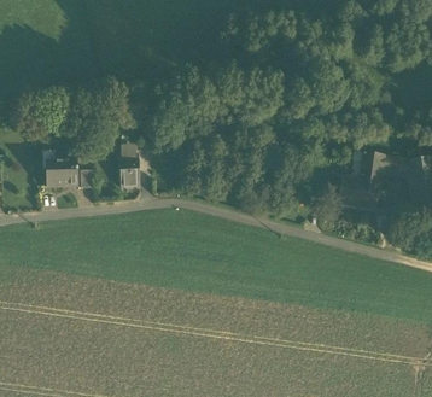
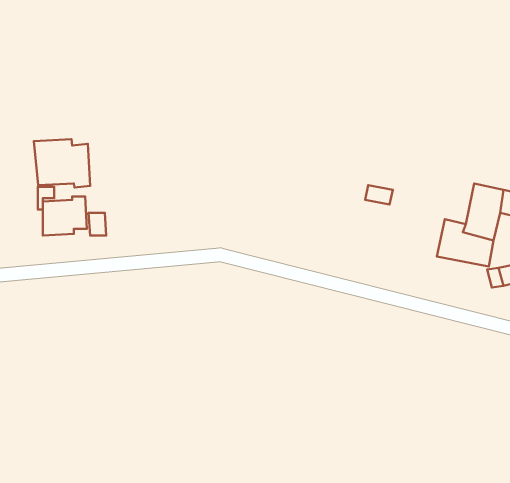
building: none -> [34,139,90,188]
building: [119,152,140,186] -> none

